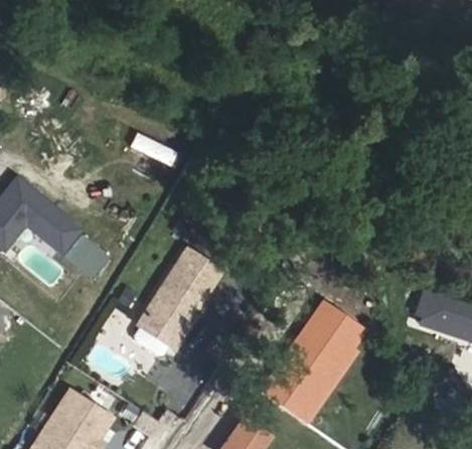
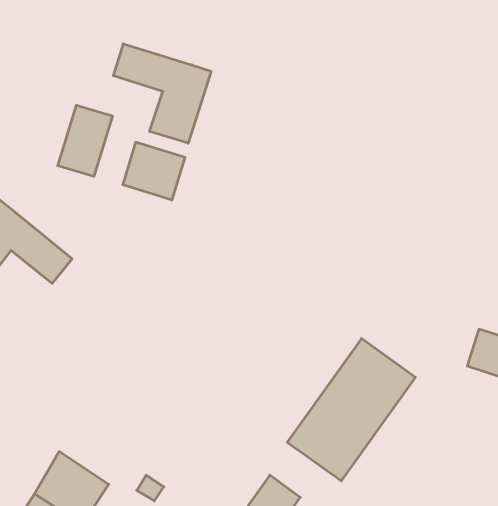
building: none -> [113,44,211,143]
building: none -> [58,105,112,176]
building: [137,253,216,347] -> none

